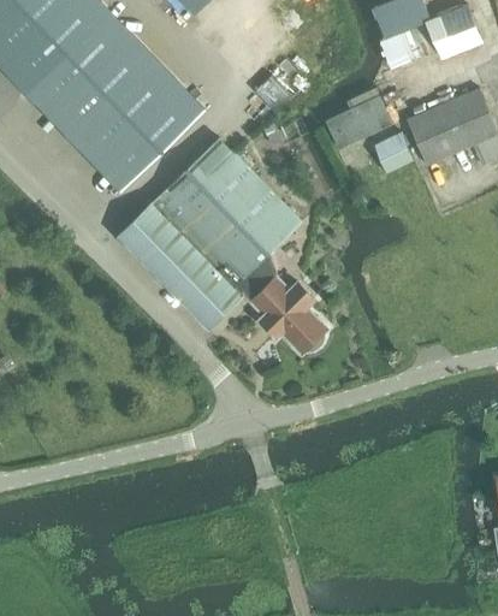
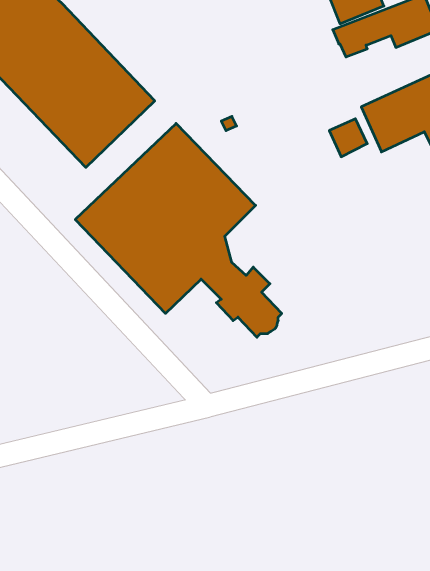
building: [325,87,392,147] -> none

